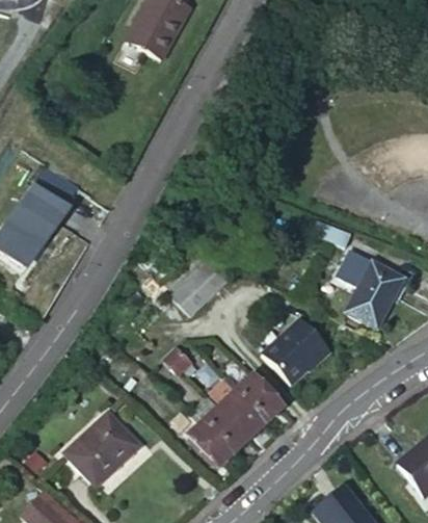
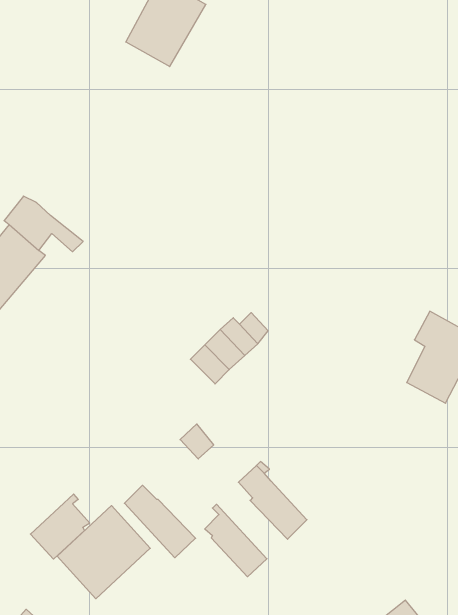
building: [264,318,331,385] -> none
building: [238,376,284,423] -> none
building: [194,396,251,454] -> [124,485,196,558]
building: none -> [30,494,90,559]

